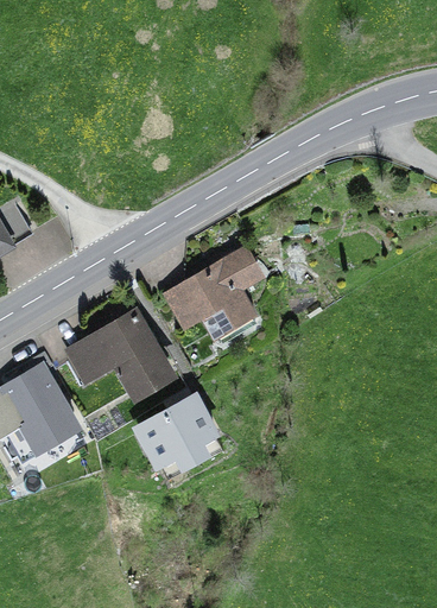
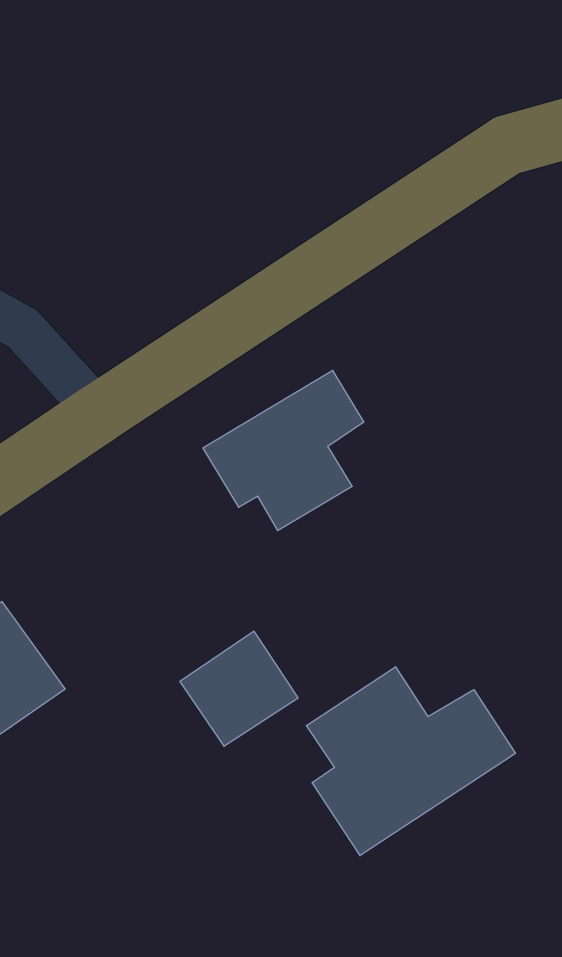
building: [72,314,173,394] -> none
building: none -> [306,667,515,856]

